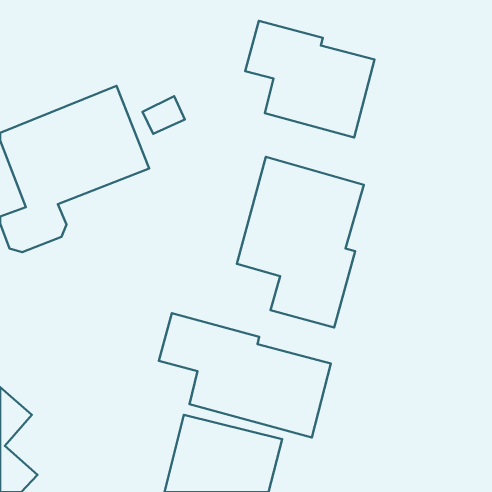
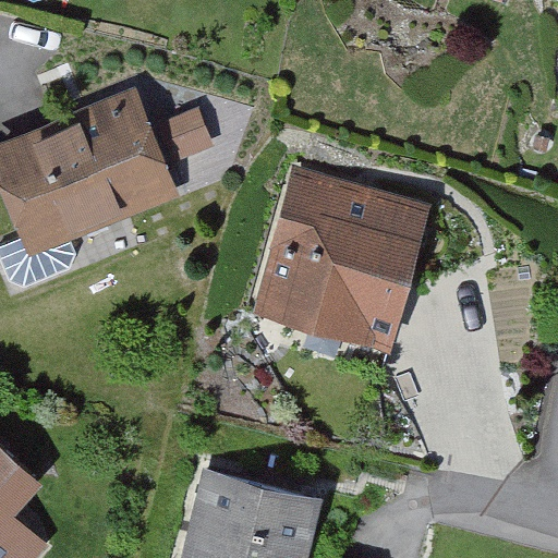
building: [245,21,374,138] -> none
building: [159,313,331,438] -> none

